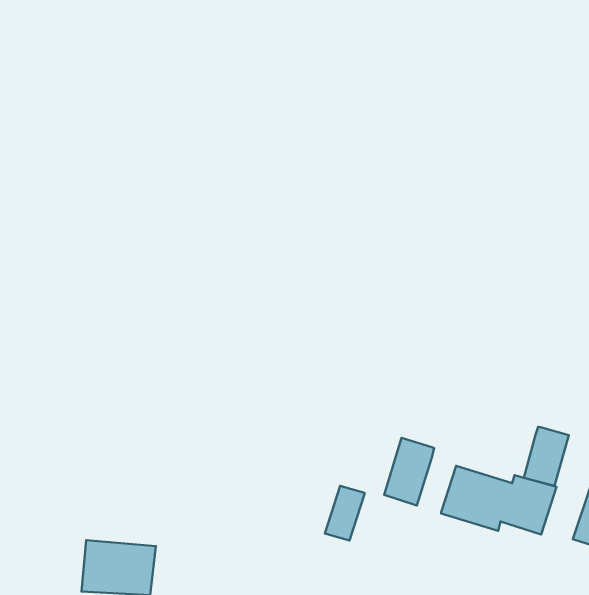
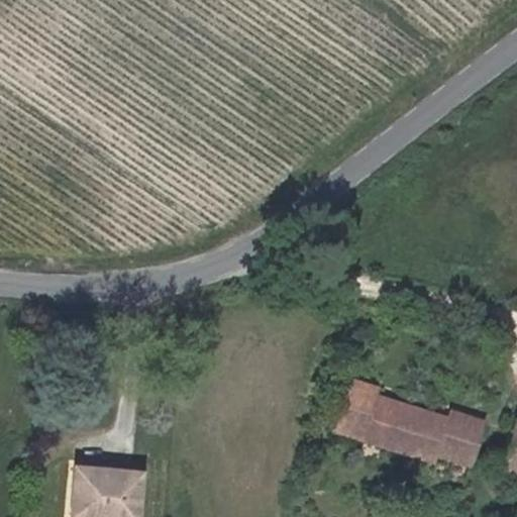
building: [524,427,569,486] -> none
building: [325,486,365,541] -> [367,397,401,444]

